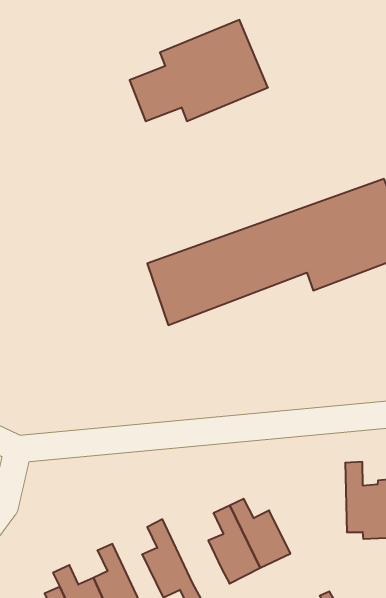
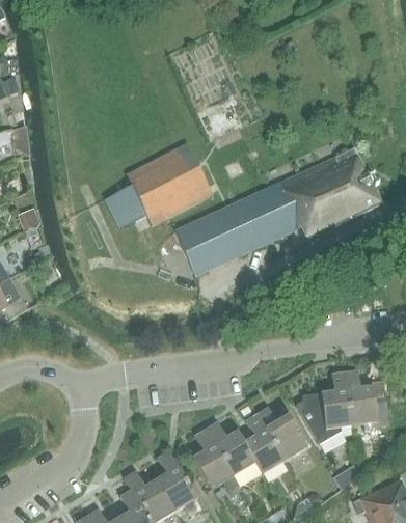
building: [130,20,268,121] -> [105,142,214,228]
building: none -> [297,371,351,444]
building: none -> [206,421,255,476]

